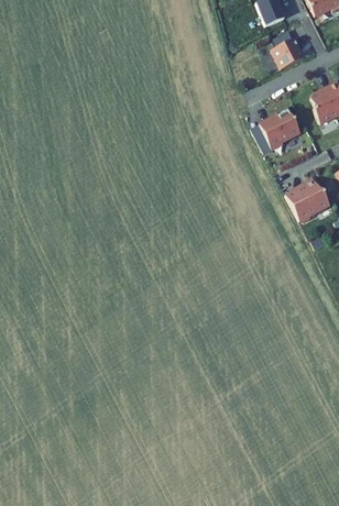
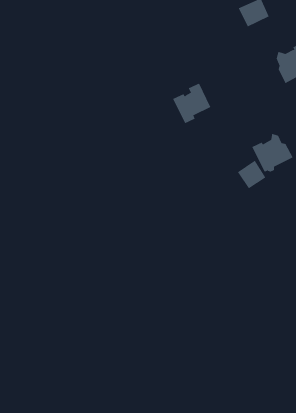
building: [258,107,298,150] -> [172,83,211,124]
building: none -> [237,160,266,189]

